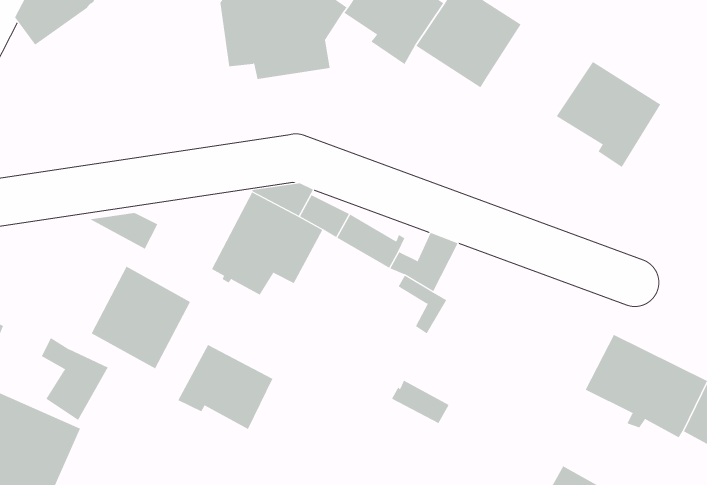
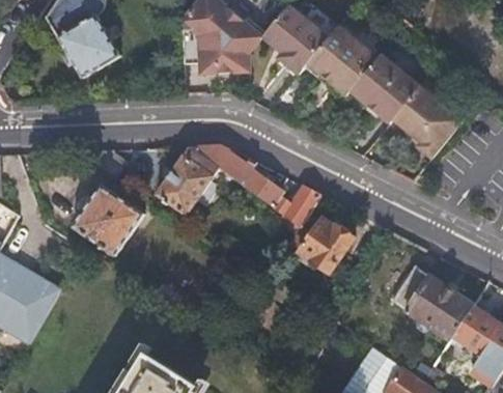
building: none -> [58,15,119,76]
building: none -> [350,53,420,123]
building: none -> [297,216,354,273]
building: [41,337,108,421] -> none
building: [177,344,273,430] -> none

